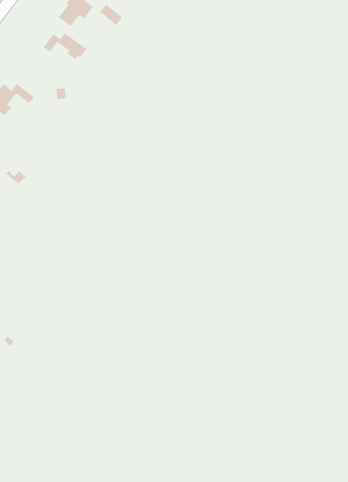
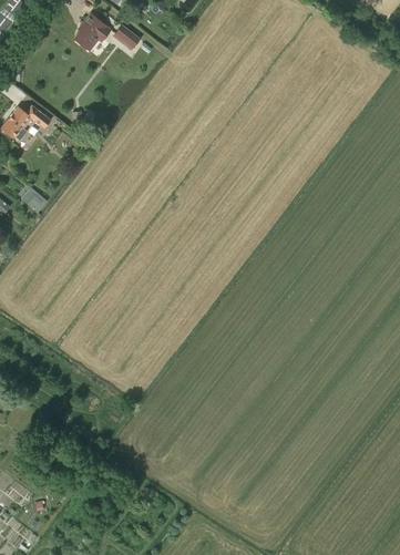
building: [43,32,87,60] -> none

